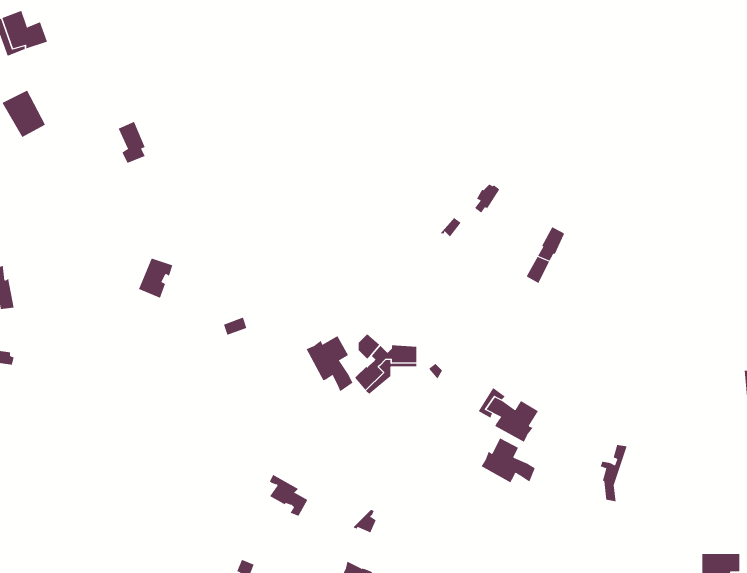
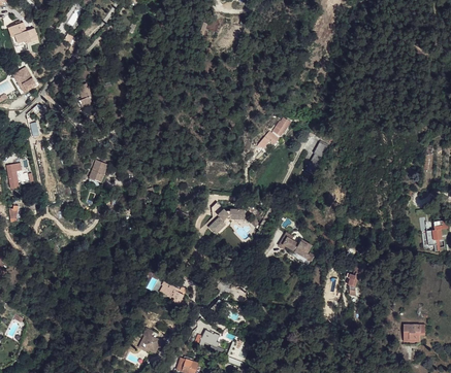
building: [306,335,353,392] -> none
building: [481,438,536,483] -> none

